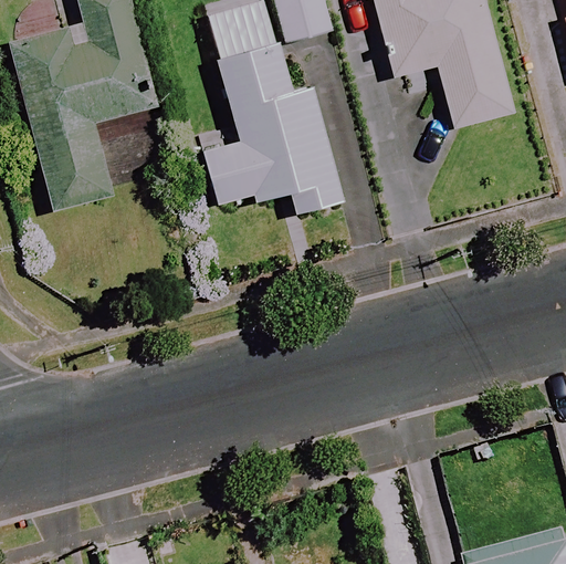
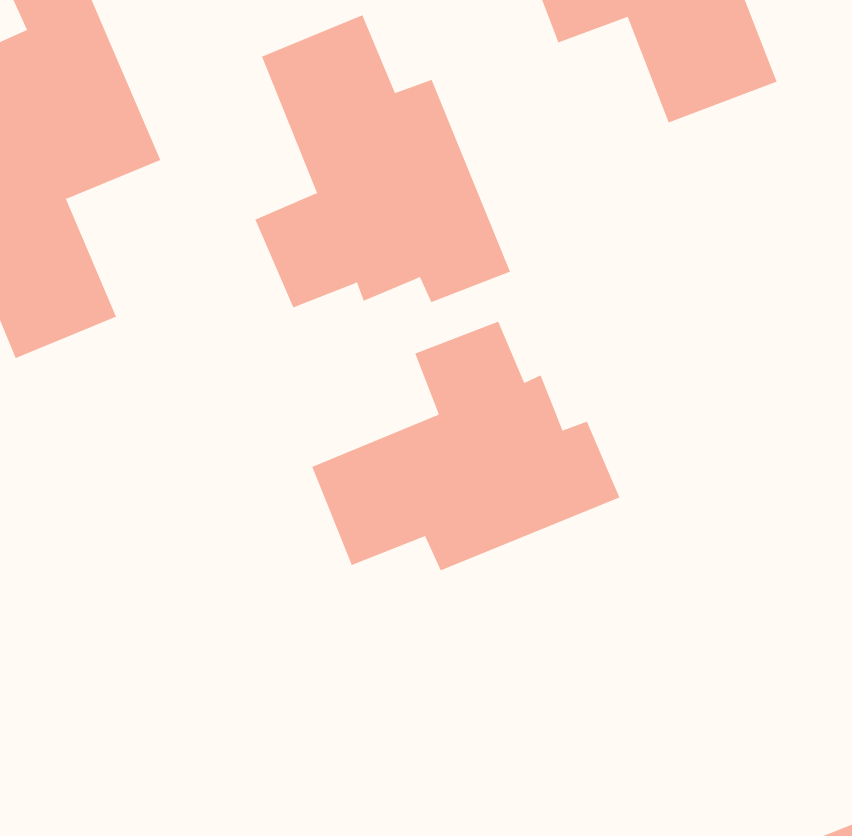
building: none -> [311,321,620,571]

